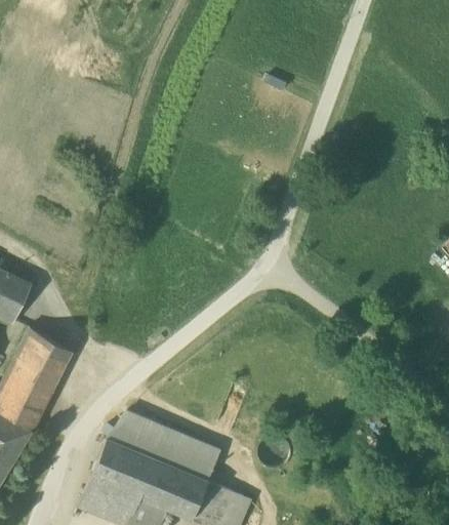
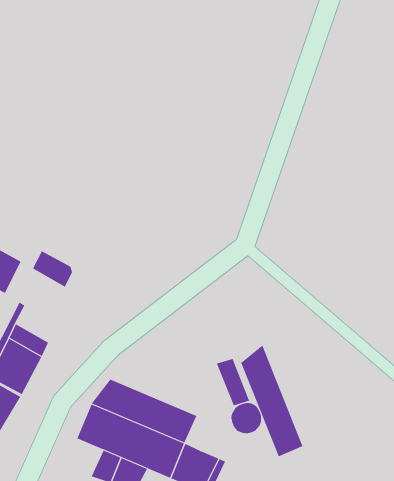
building: [25,333,69,373] -> [32,250,73,287]
building: none -> [241,345,303,457]
building: none -> [216,358,250,406]
building: [77,477,119,518] -> none

